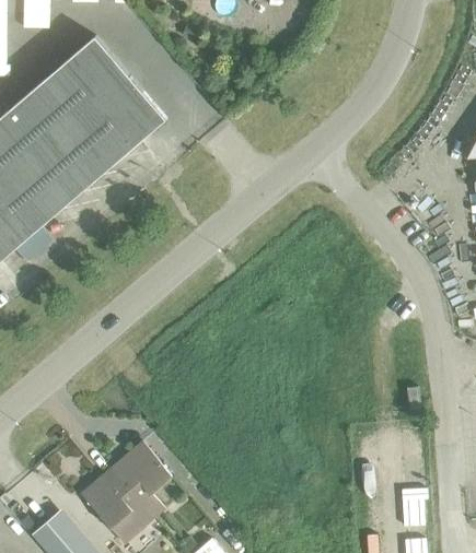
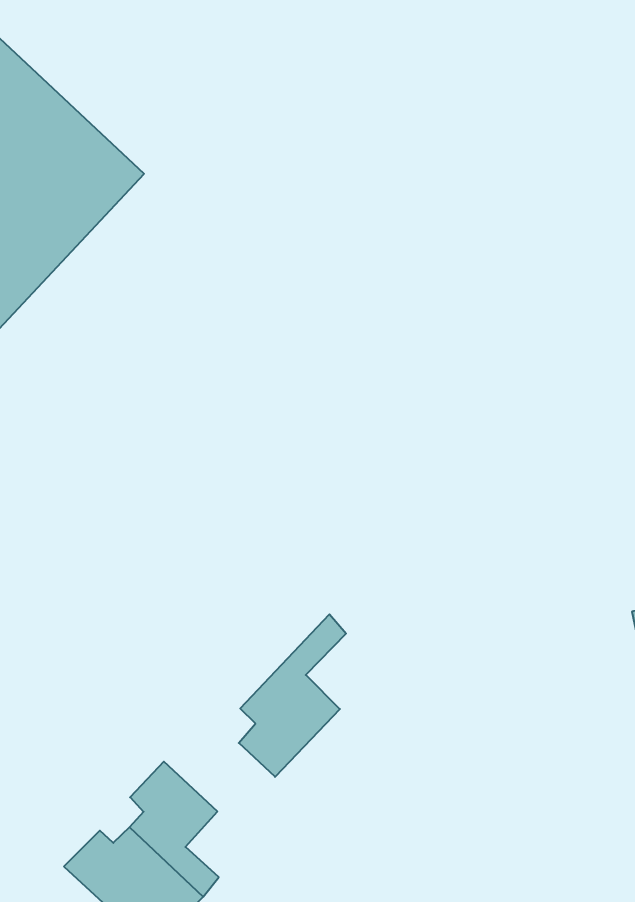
building: none -> [239,614,346,777]

